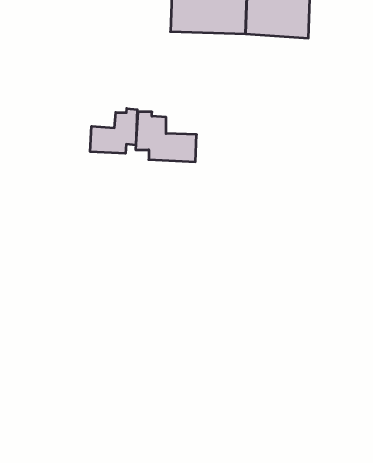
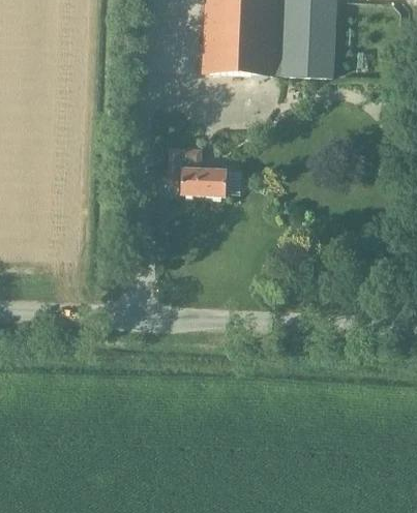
building: [90,108,137,153] -> none

